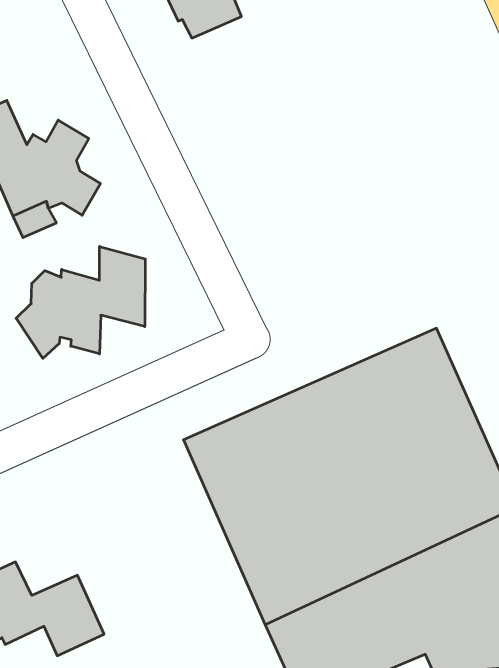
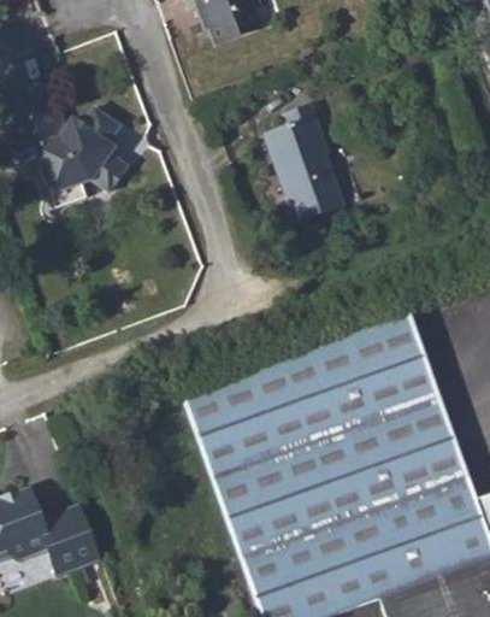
building: none -> [265,105,344,223]
building: [16,246,145,358] -> none

